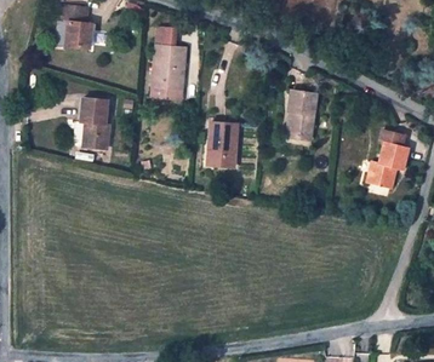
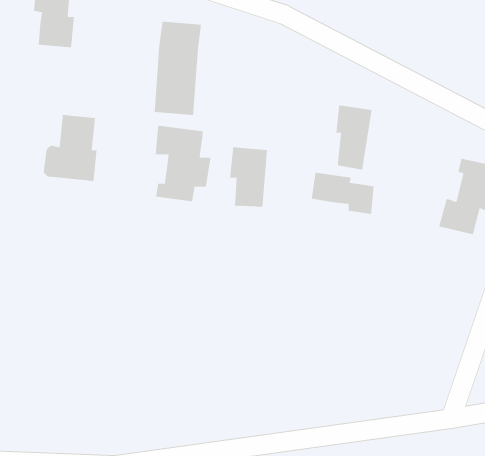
building: none -> [155,125,212,202]
building: none -> [311,172,374,215]

